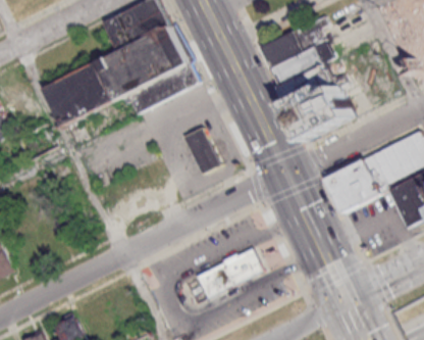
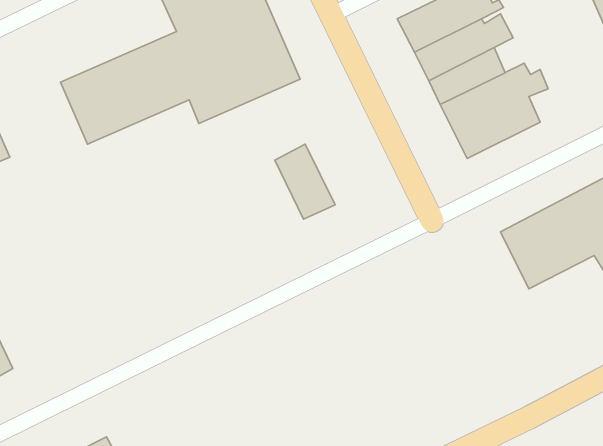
building: [195,247,261,293] -> none

